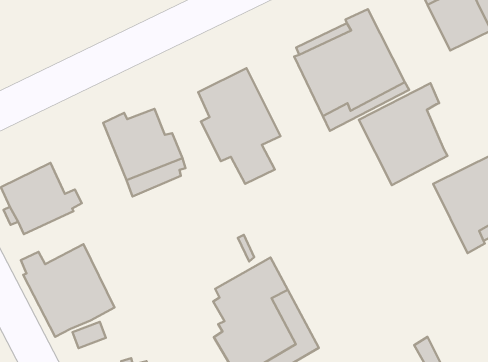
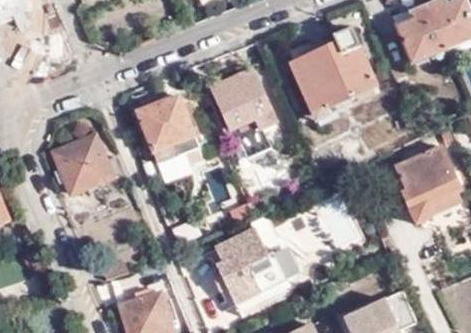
building: [359,83,447,185] -> none
building: [21,244,115,337] -> none

